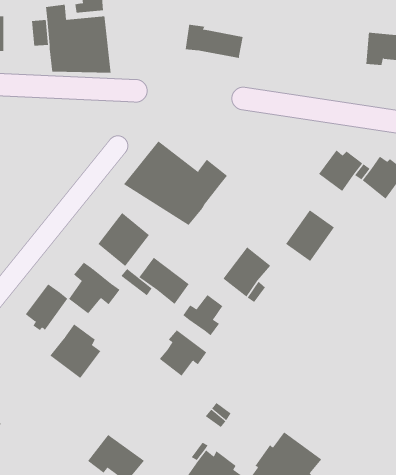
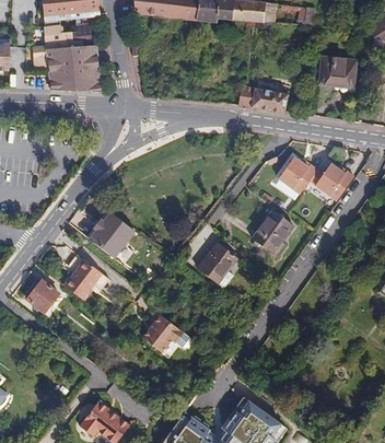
building: [185,24,244,59] -> [238,84,289,114]
building: [123,141,228,226] -> none
building: [139,257,189,305] -> none
building: [182,294,223,336] -> none
building: [49,324,101,379] -> none

